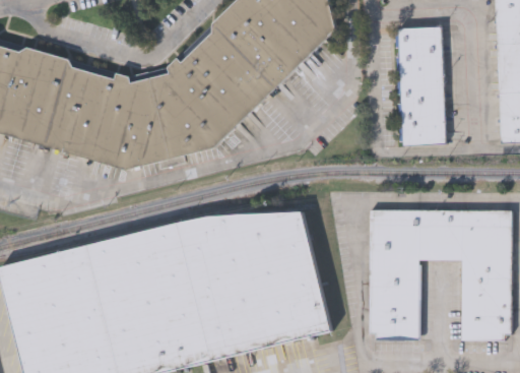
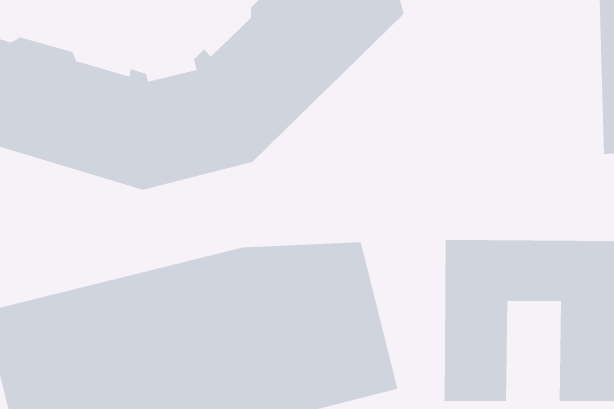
building: [397,26,443,144] -> none

